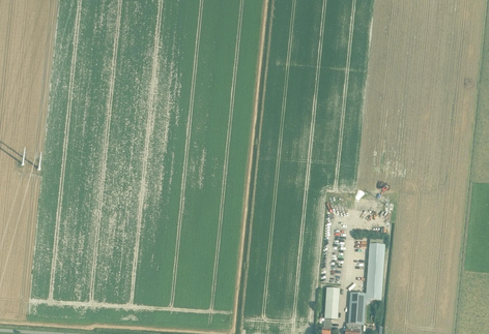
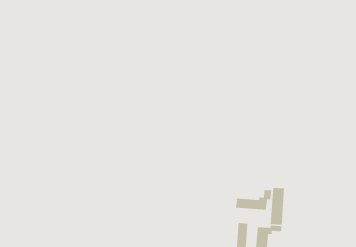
building: none -> [235,189,272,210]

